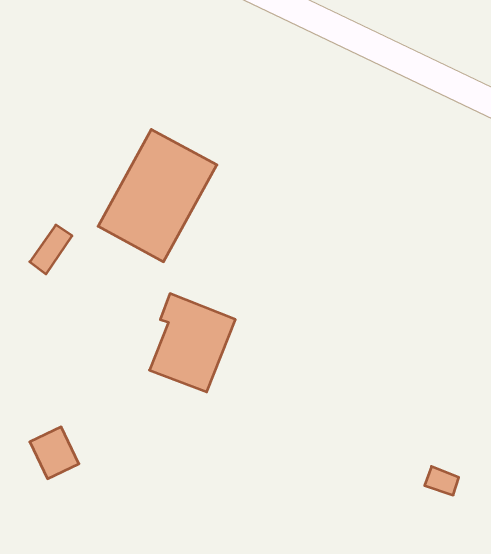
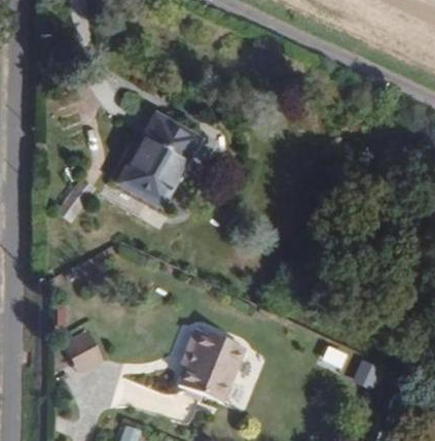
building: [149,294,235,392] -> [176,326,241,400]

